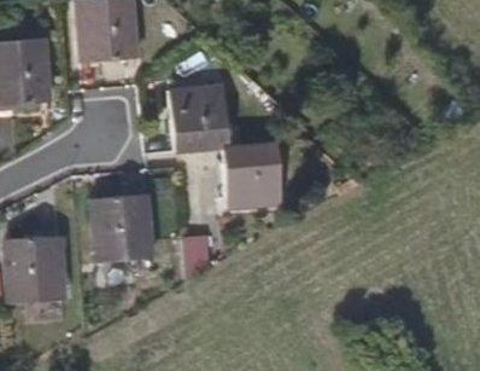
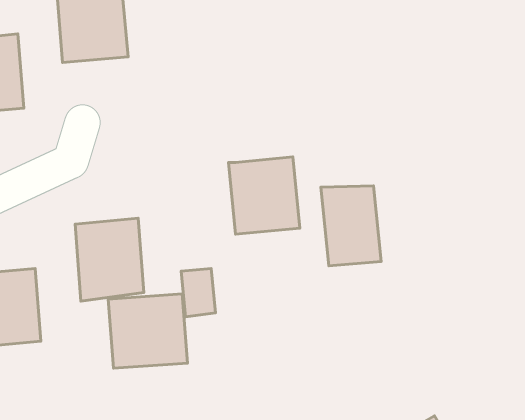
building: [169,86,228,151] -> none
building: none -> [321,186,381,266]
building: none -> [108,294,188,368]

